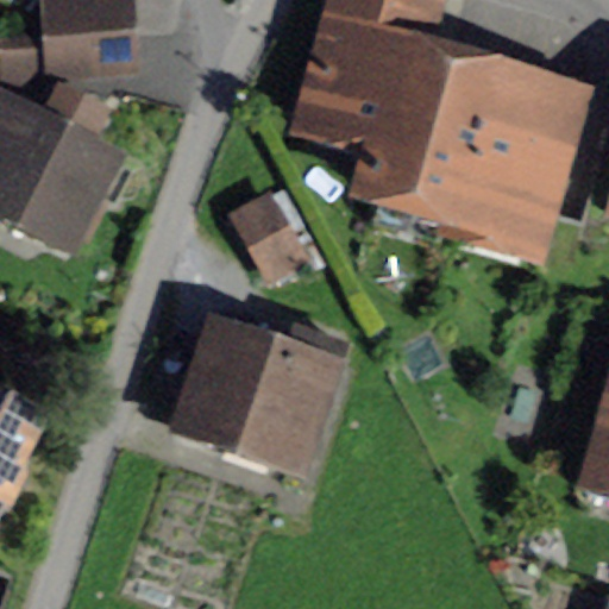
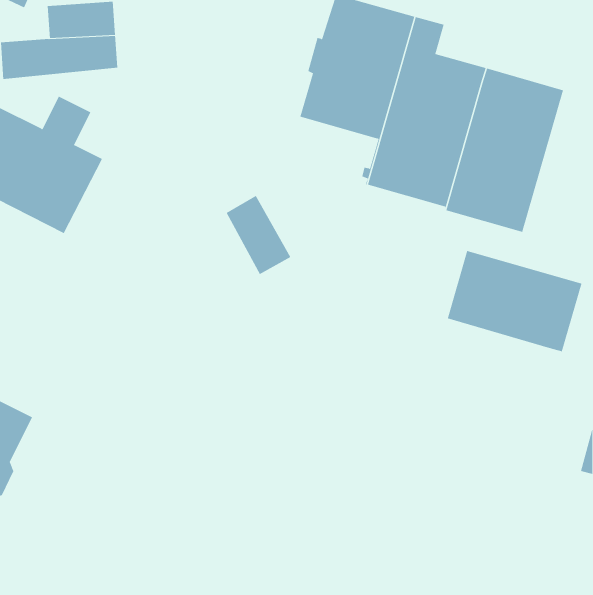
building: none -> [447,250,582,352]
building: [181,332,331,462] -> none

